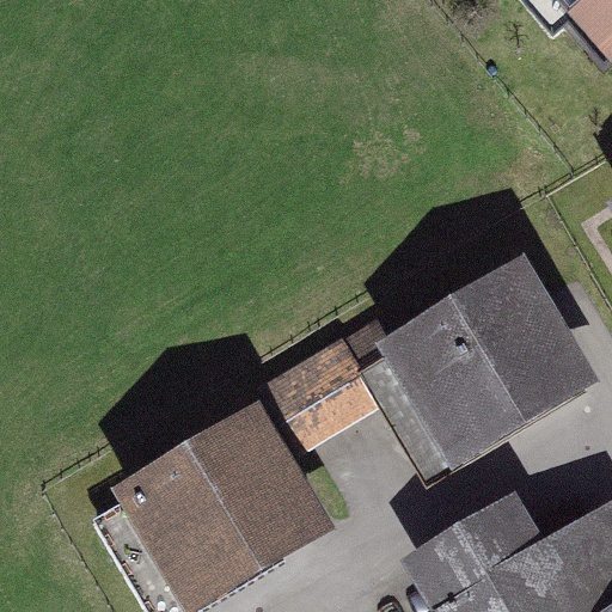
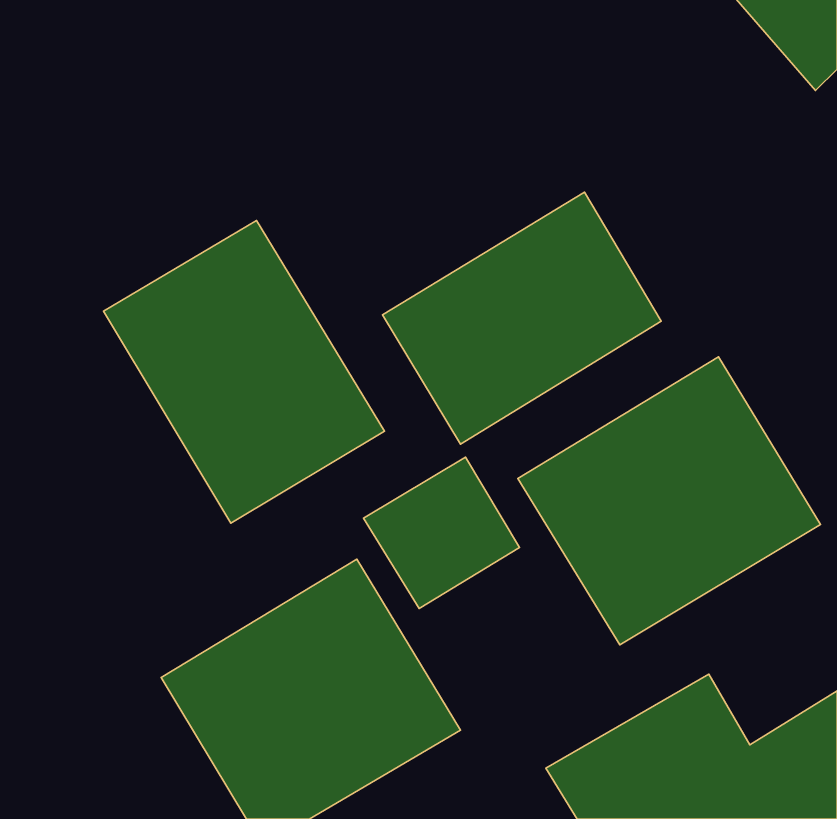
building: none -> [382,192,661,444]
building: none -> [103,220,384,523]

